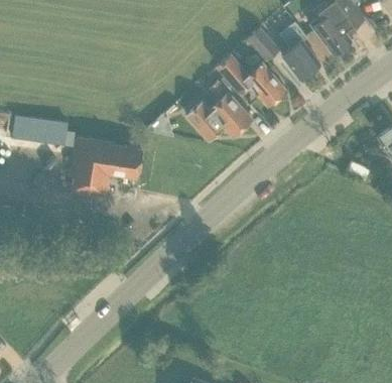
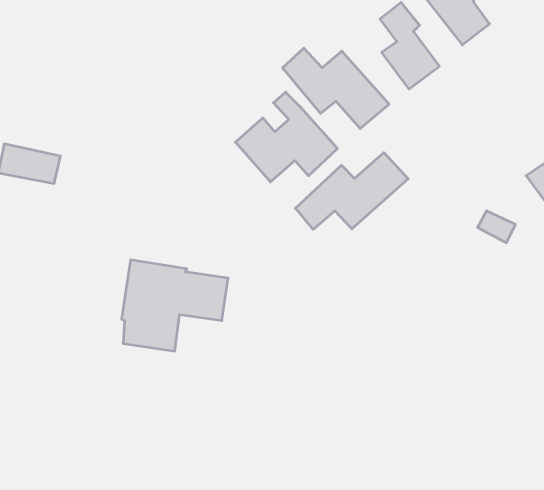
building: [247,26,280,60] -> none
building: none -> [295,153,408,229]
building: [71,138,141,199] -> [122,260,228,351]

